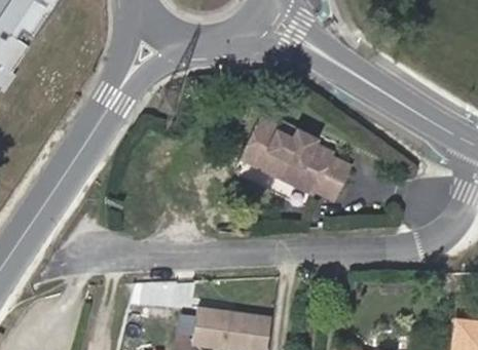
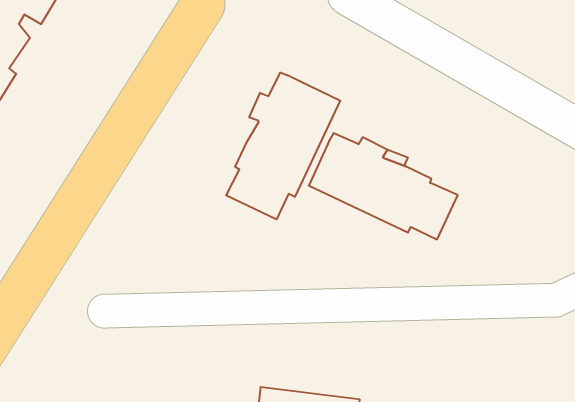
building: none -> [226,73,340,219]

